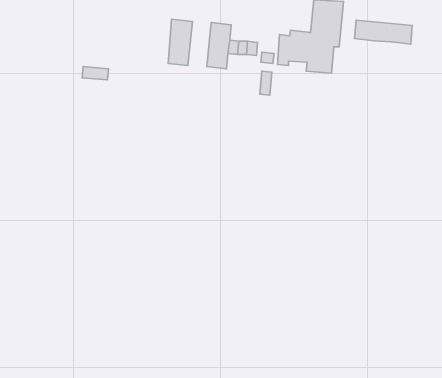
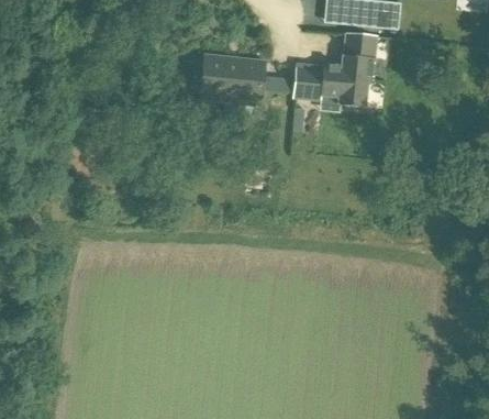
building: [355,20,412,44] -> none
building: none -> [219,57,242,102]

